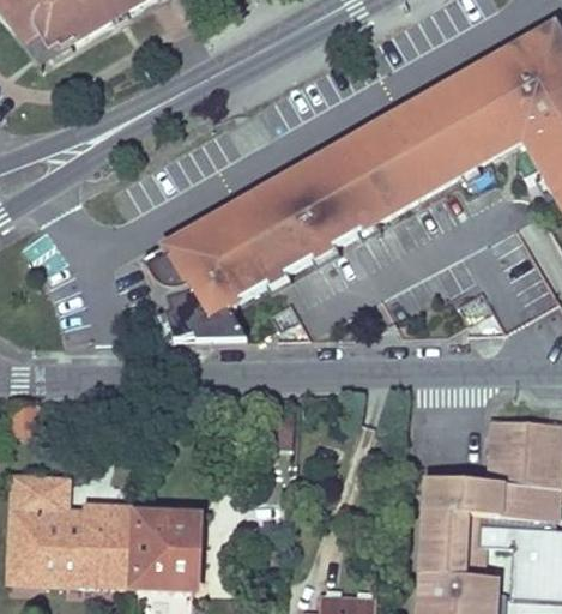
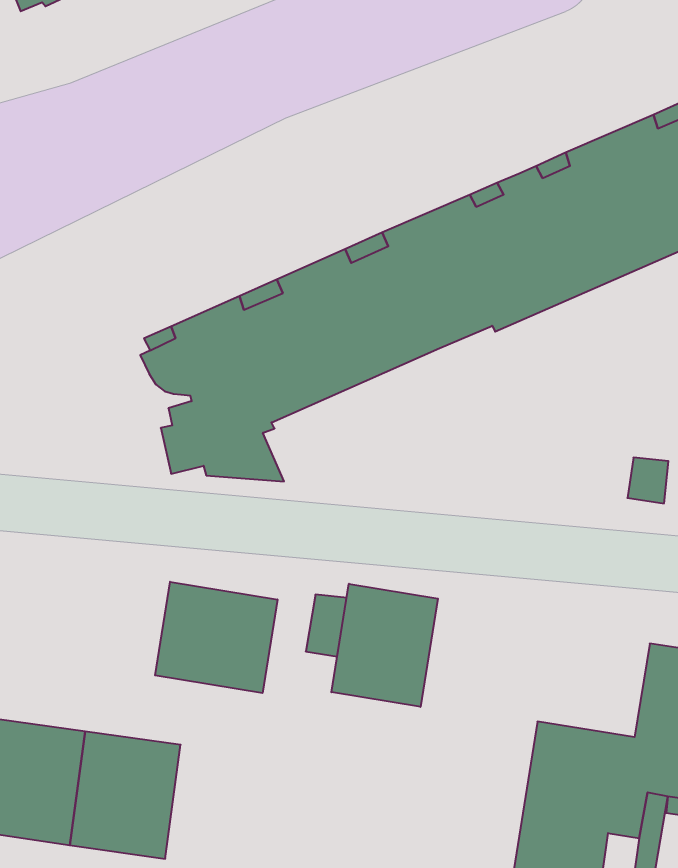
building: none -> [331,584,438,707]
building: none -> [155,582,277,693]

